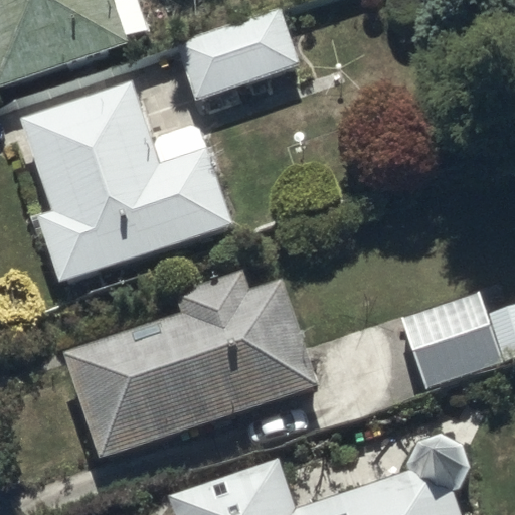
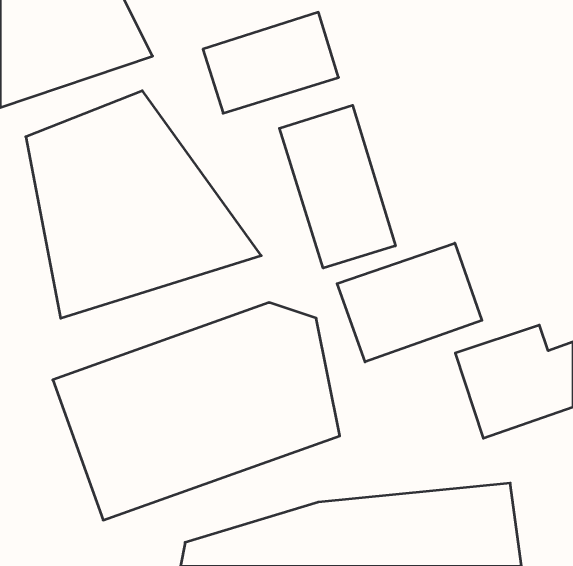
building: none -> [279,105,395,268]
building: none -> [337,243,482,362]

